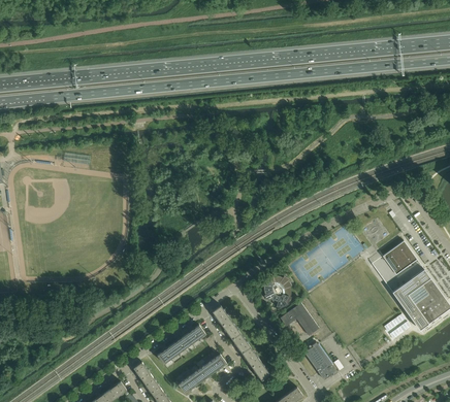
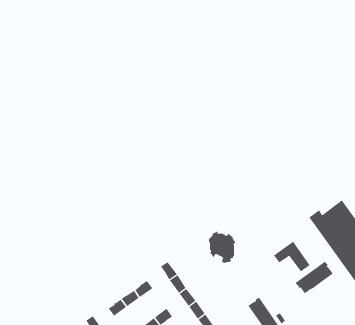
building: [279,302,318,335] -> [273,241,310,272]
building: none -> [295,261,334,294]

